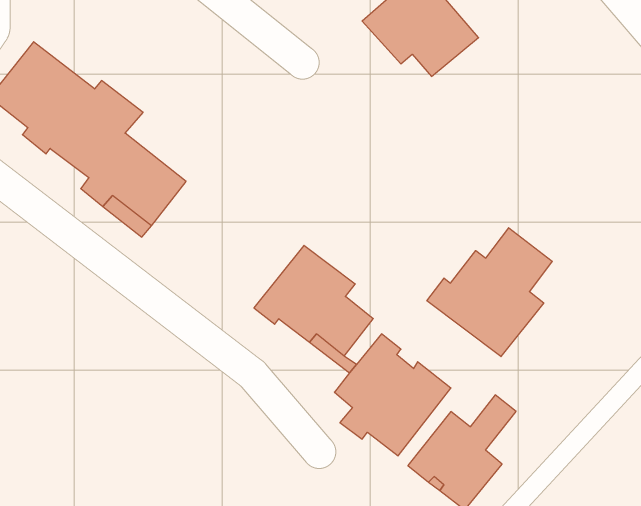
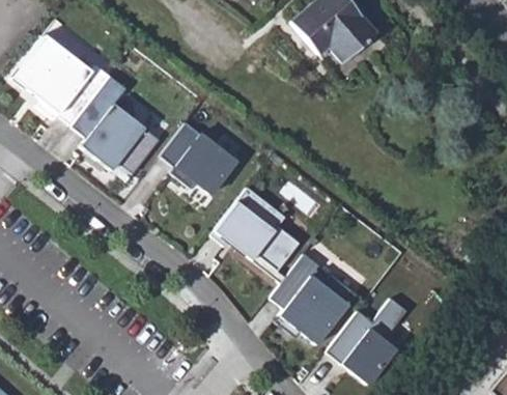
building: none -> [159,122,235,194]
building: [427,228,552,357] -> none

